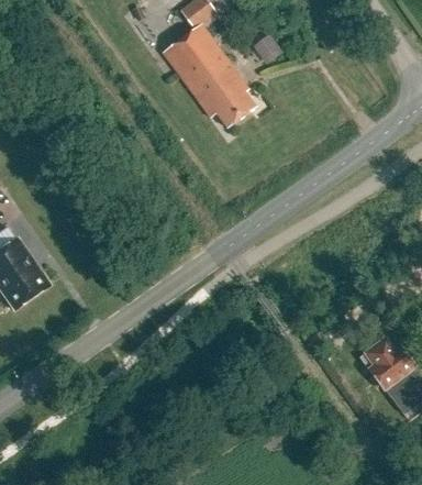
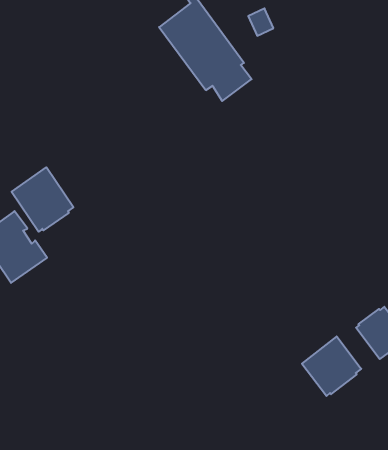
building: none -> [12,167,73,232]
building: none -> [302,336,361,396]

